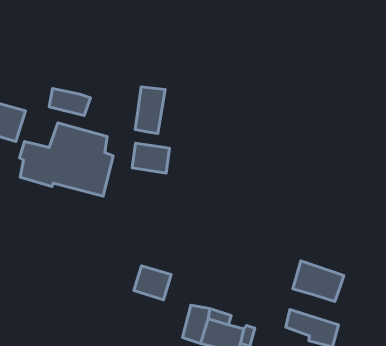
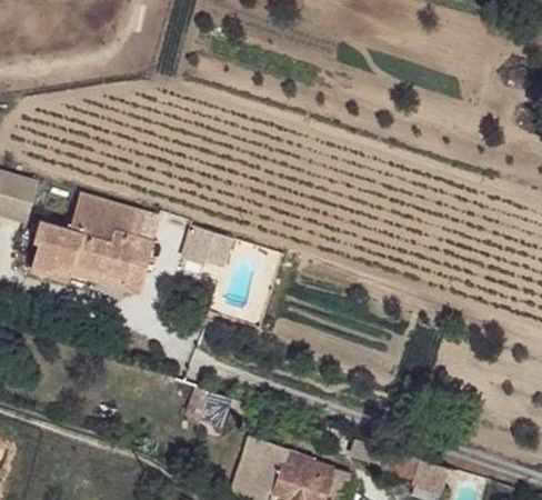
building: [135,87,165,133] -> none
building: [49,88,90,116] -> none
building: [293,261,344,301] -> none

